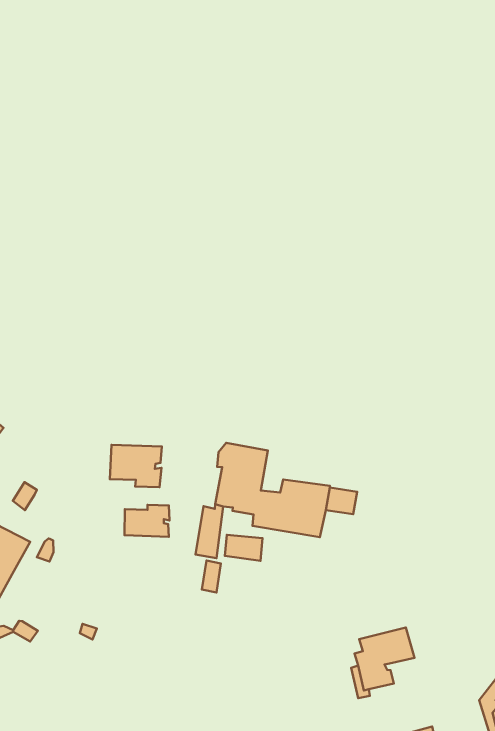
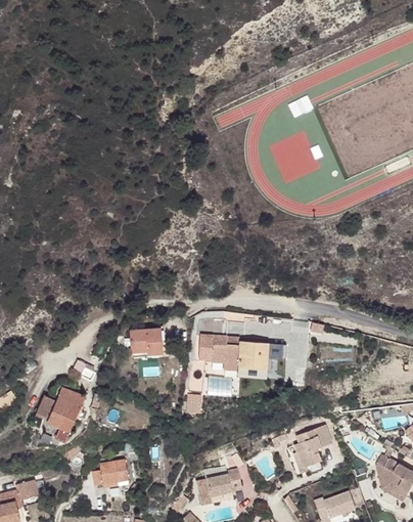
building: [124,505,170,537] -> none
building: none -> [92,461,128,486]
building: none -> [206,471,242,497]

